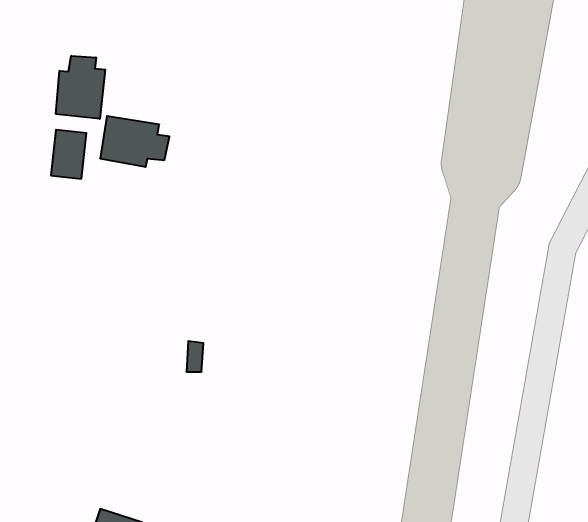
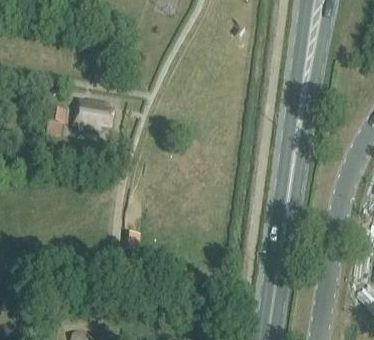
building: [56,56,105,119] -> none

